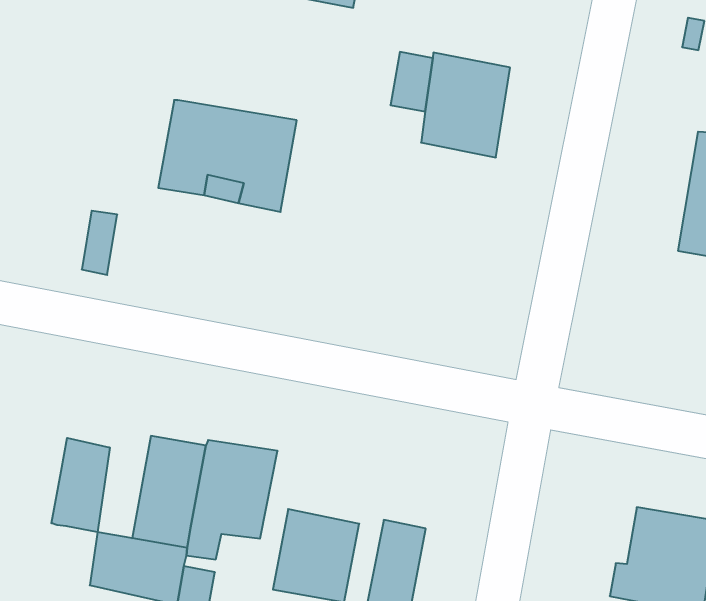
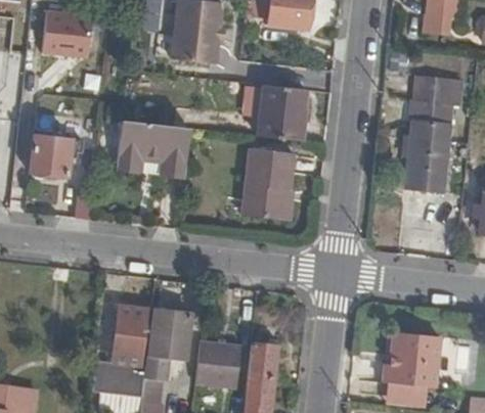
building: none -> [33,138,86,176]
building: none -> [247,147,298,218]
building: [51,438,110,532] -> none

